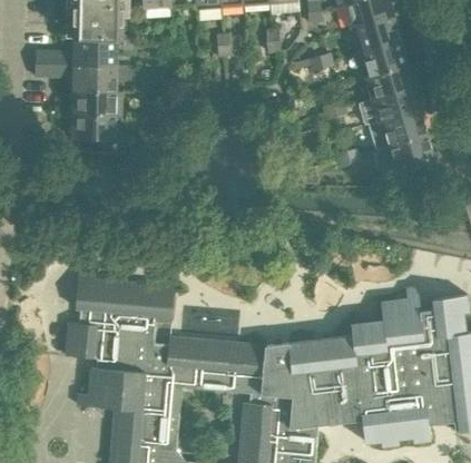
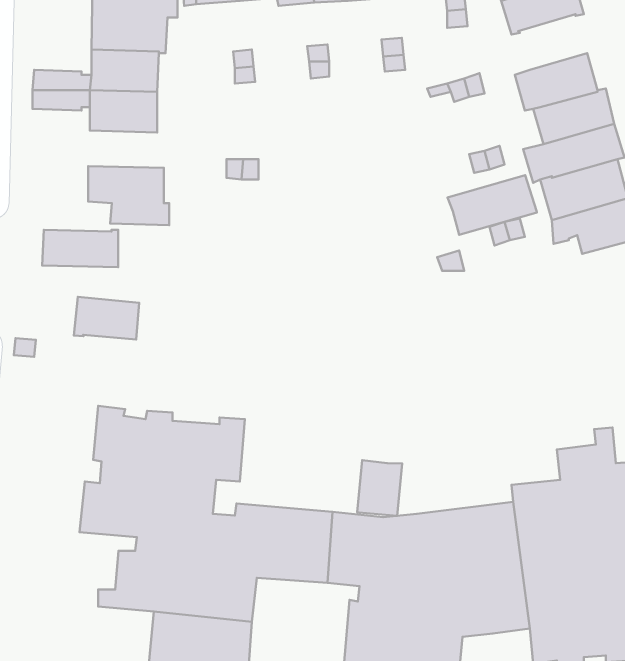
building: [354,14,400,51] -> none
building: [70,91,120,116] -> [42,230,118,267]
building: none -> [447,175,537,235]
building: none -> [74,297,139,340]
building: none -> [357,460,402,516]

